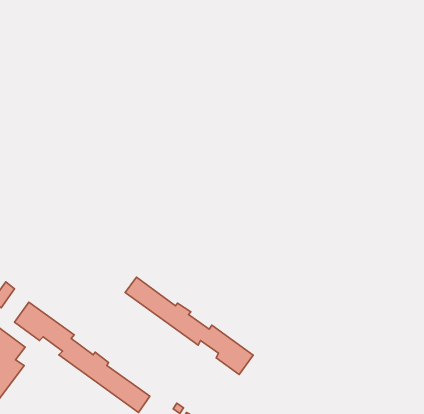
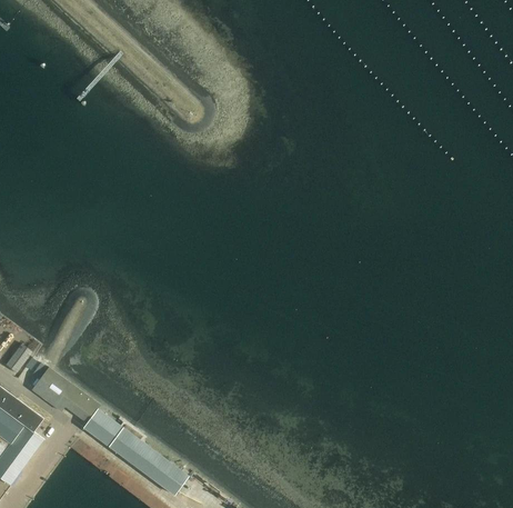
building: [125,277,253,374] -> none

